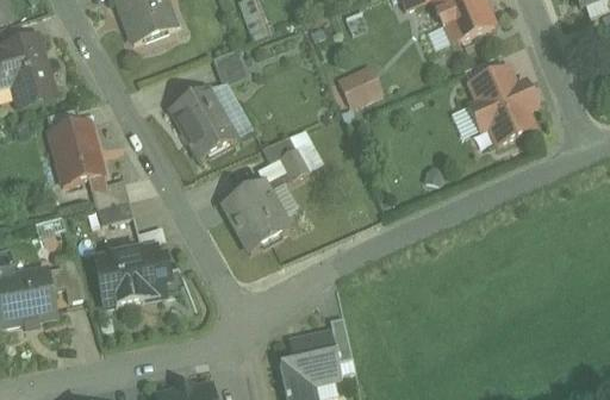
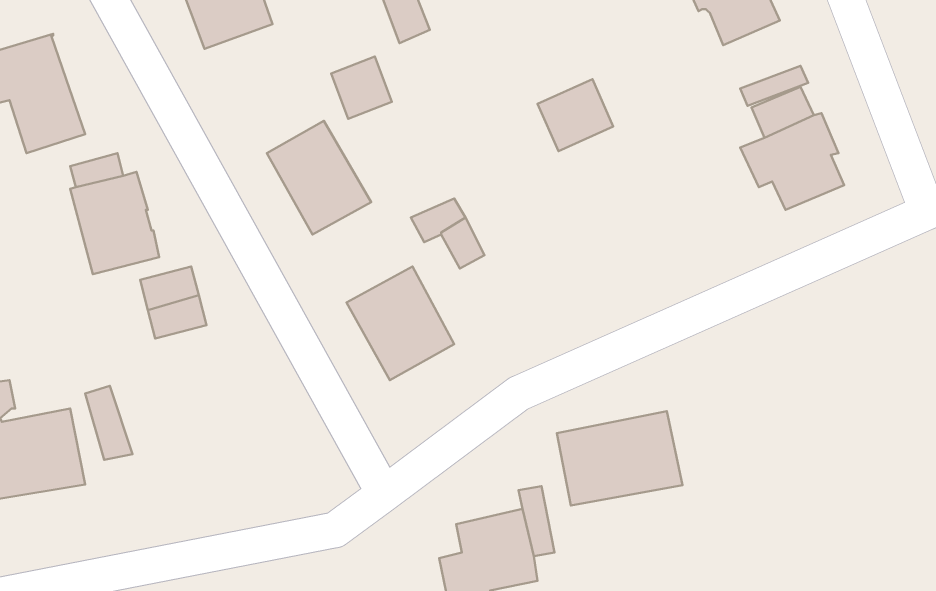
building: [95,244,164,305] -> none
building: none -> [557,411,682,506]

